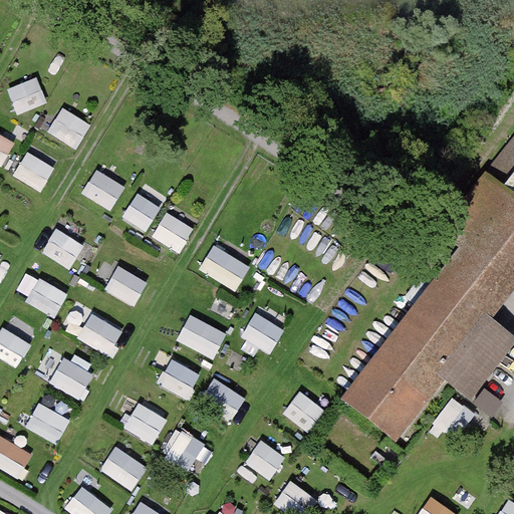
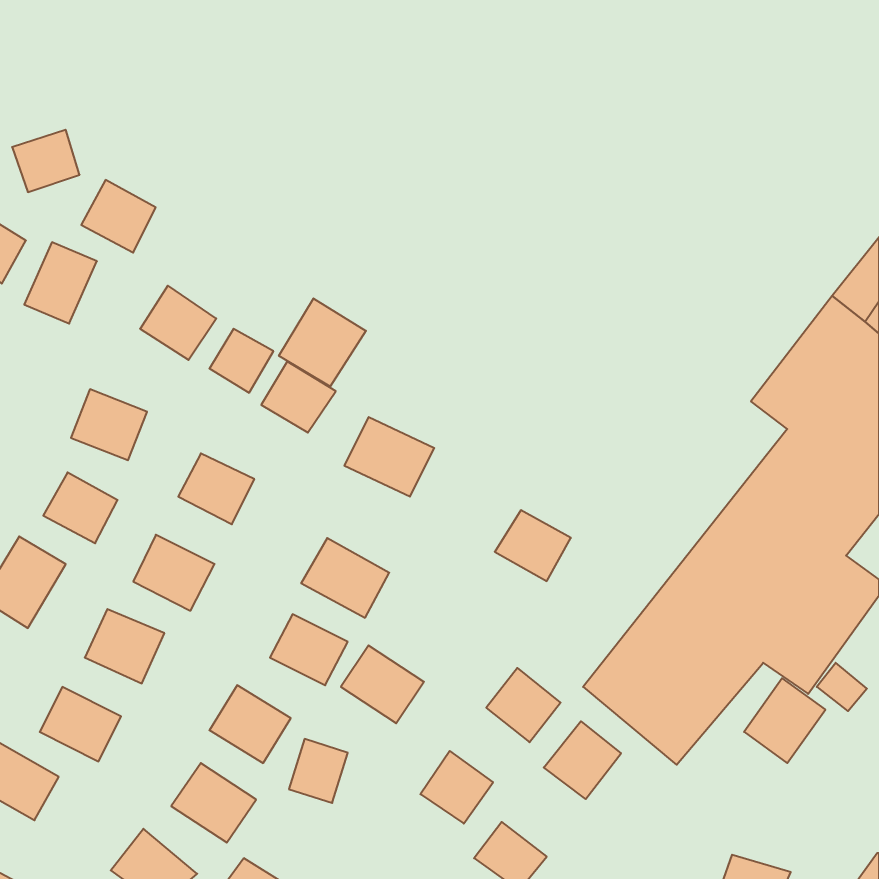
building: none -> [279,298,366,386]
building: [241,313,285,354] -> [495,510,571,581]
building: none -> [544,721,621,799]

